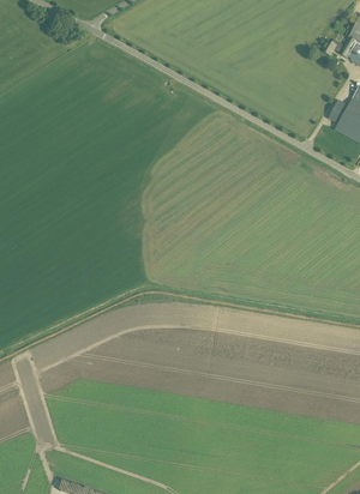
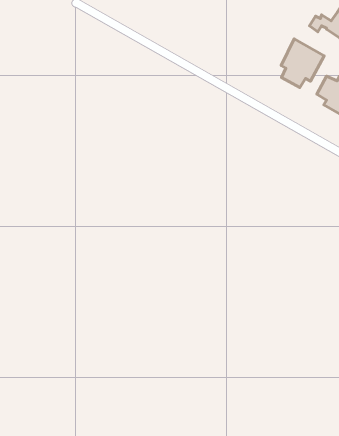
building: none -> [281,39,324,87]

